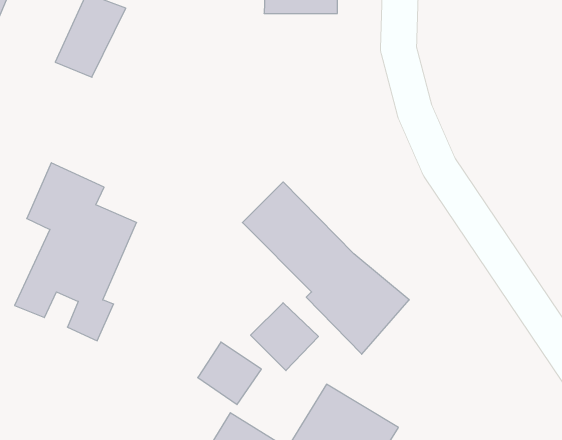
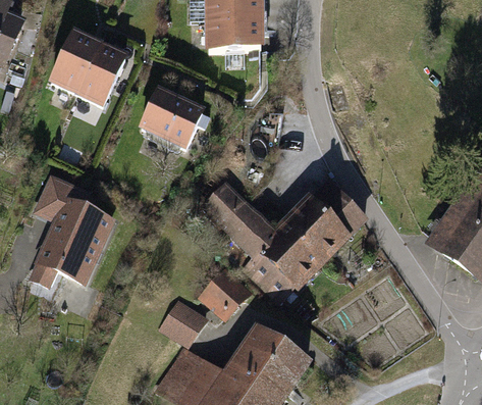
building: none -> [78,44,127,109]
building: none -> [139,88,202,149]
building: none -> [275,182,361,263]

